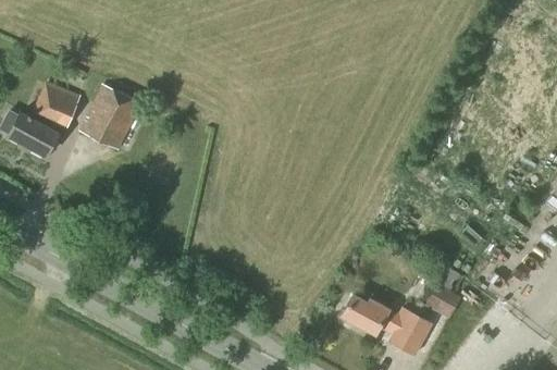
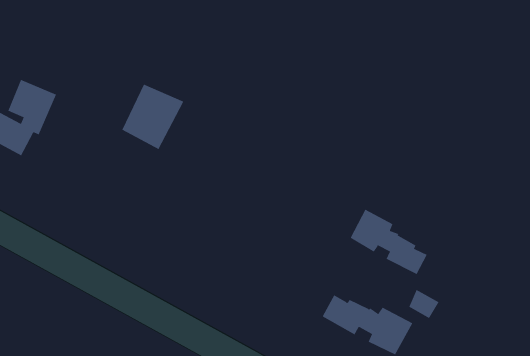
building: [81,85,143,150] -> [121,84,184,150]
building: none -> [350,209,427,275]

